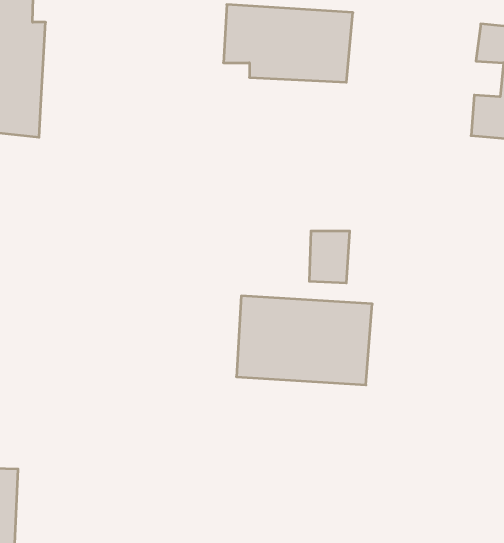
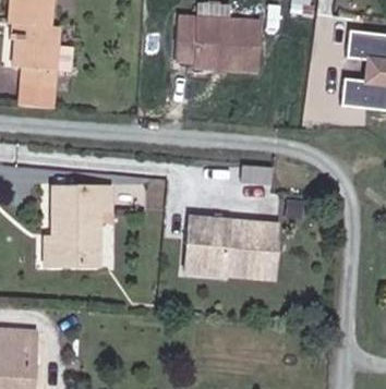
building: none -> [46,181,113,264]

